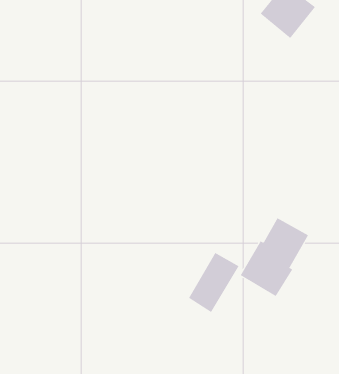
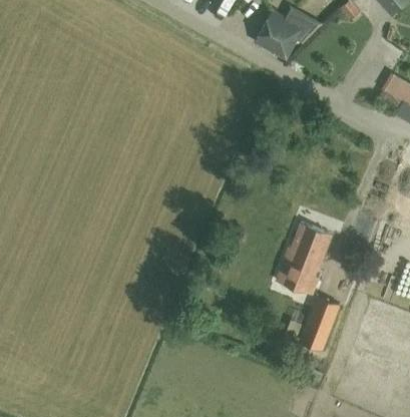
building: [188,252,239,313] -> [299,295,340,350]

